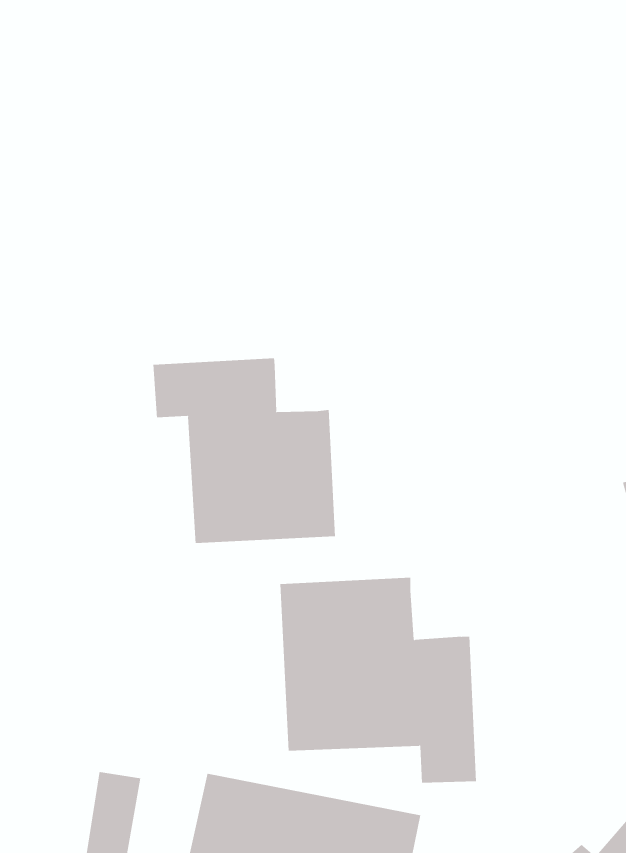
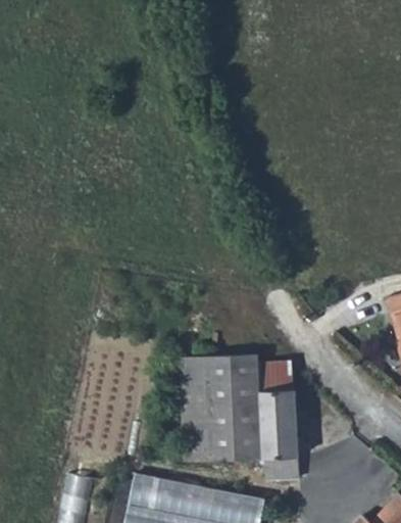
building: [153,358,335,544] -> none
building: none -> [259,361,290,392]

